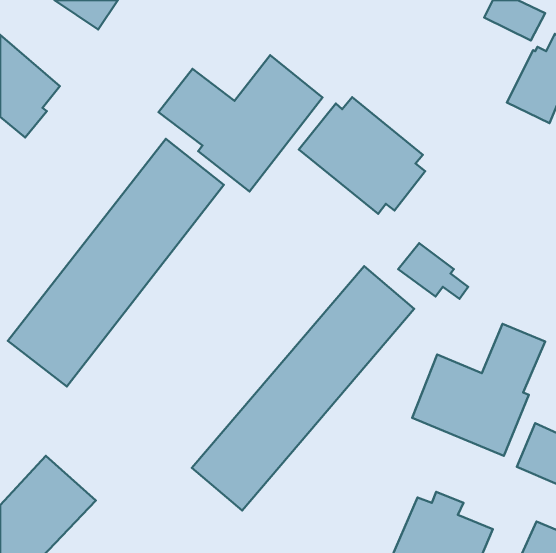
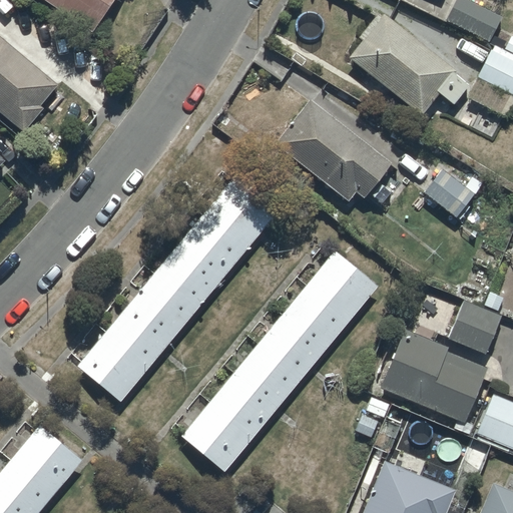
building: none -> [349,12,469,113]
building: [158,55,323,192] -> none
building: [8,139,224,387] -> [72,180,271,408]
building: [398,243,468,299] -> [423,169,487,220]

